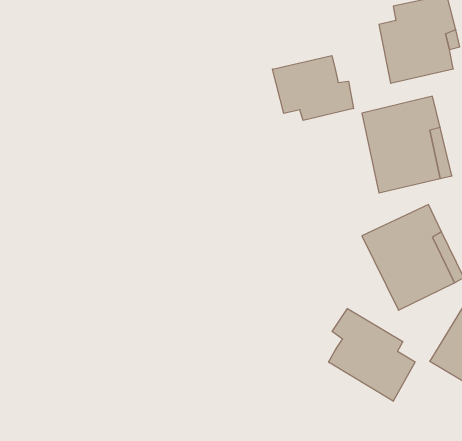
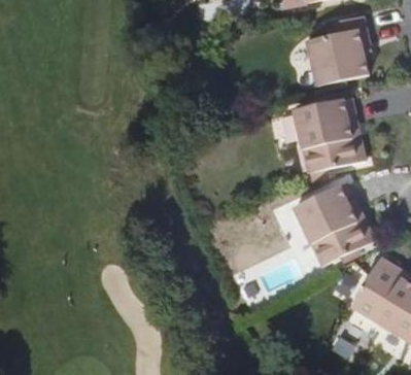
building: [272,56,354,120] -> none
building: [329,309,415,401] -> none

